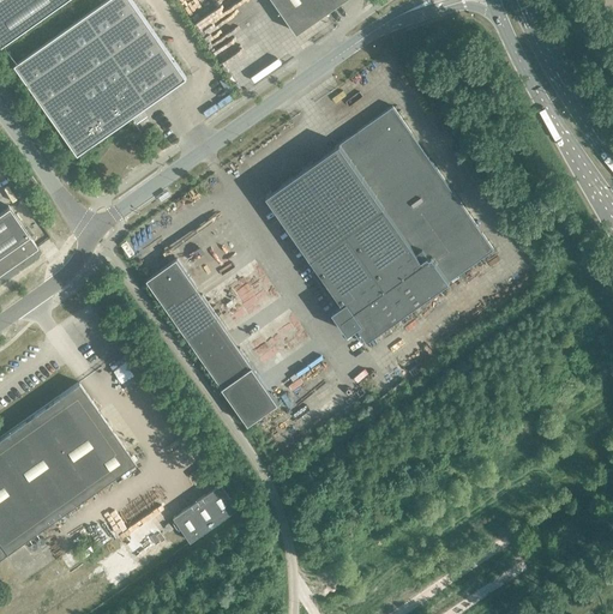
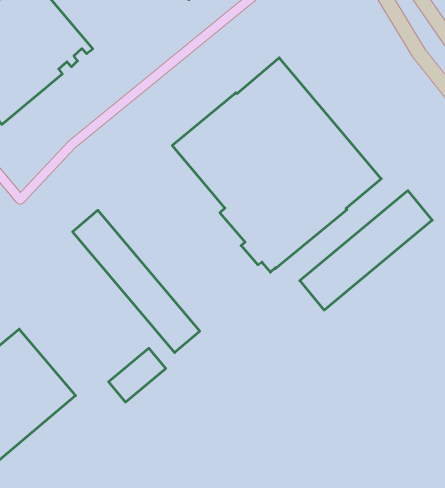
building: none -> [300,191,432,310]
building: [173,486,238,543] -> [109,348,166,402]

